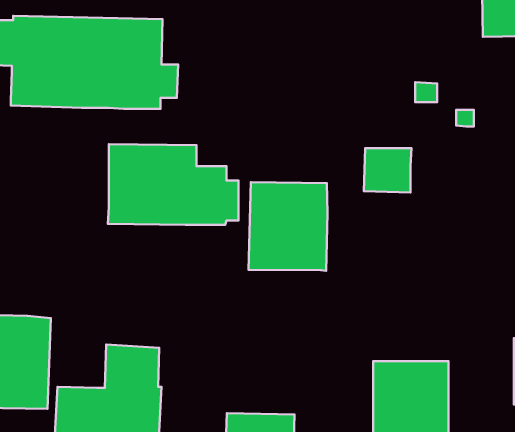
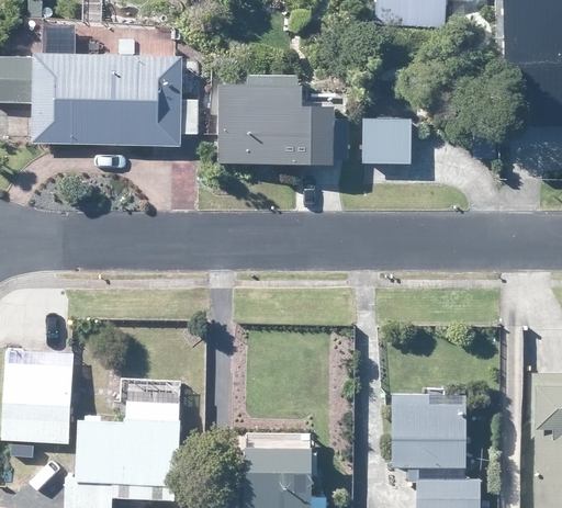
building: [108,144,239,225] -> [217,83,347,163]
building: [364,148,412,192] -> [361,120,408,163]
building: [248,182,327,271] -> none

